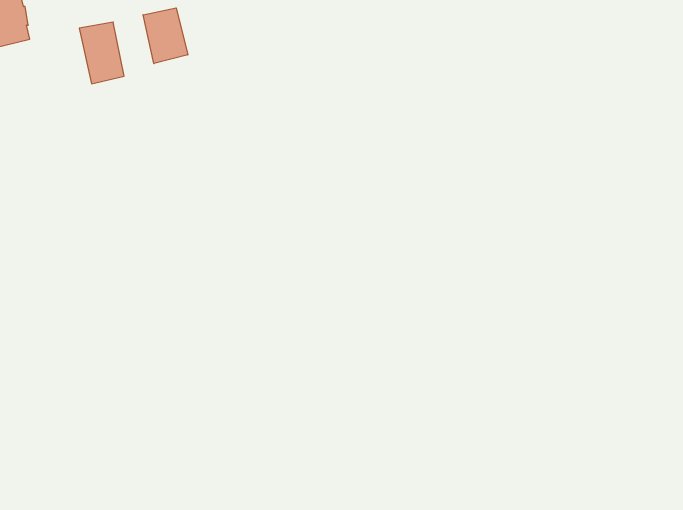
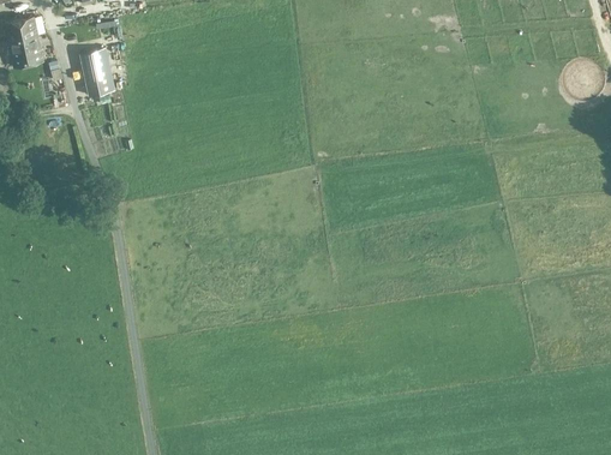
building: [143,8,188,64] -> none

